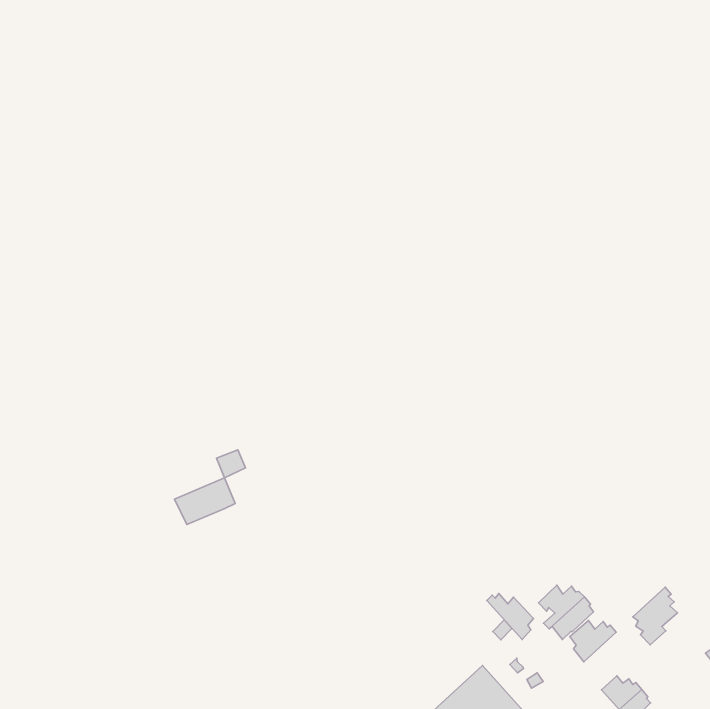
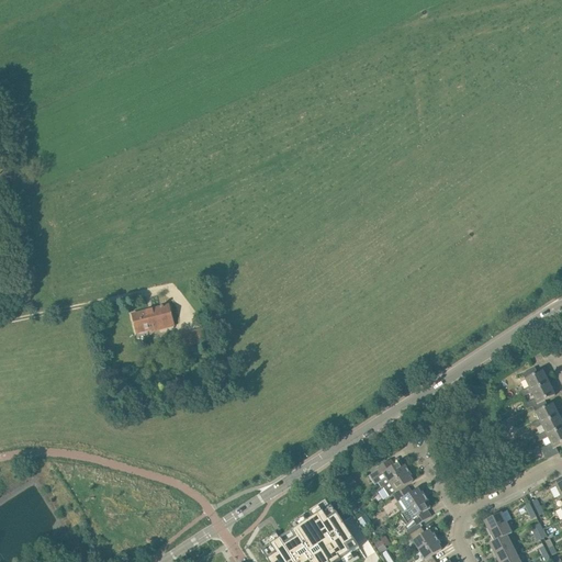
building: [175,478,235,525] -> [133,305,173,333]
building: [633,587,677,645] -> [402,497,432,535]
building: [487,593,533,640] -> none

